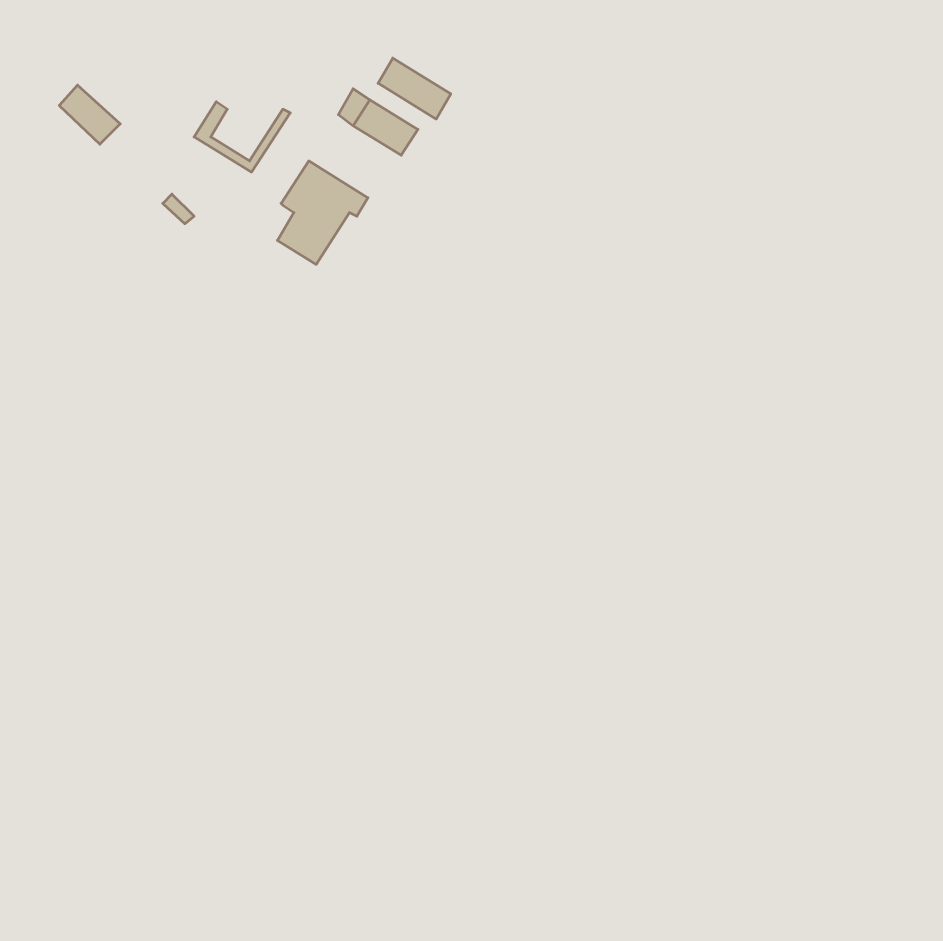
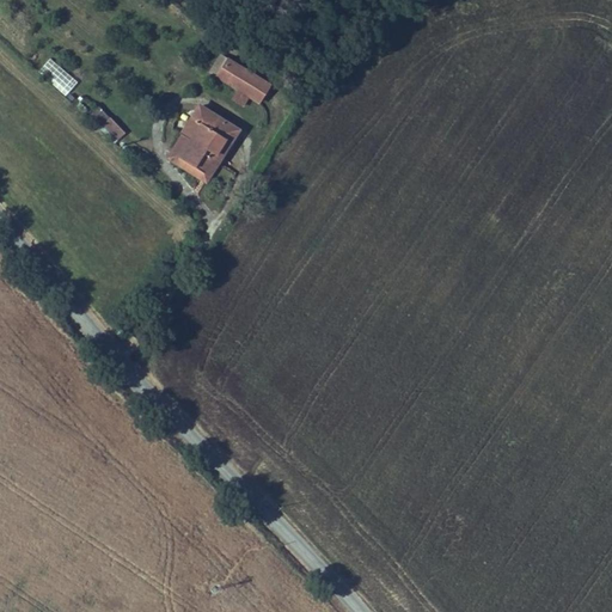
building: [378,58,451,119] -> none
building: [194,102,290,172] -> [170,133,232,178]

